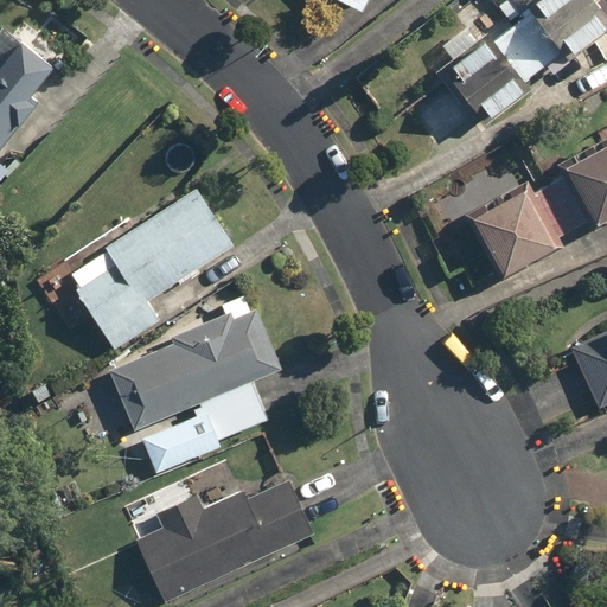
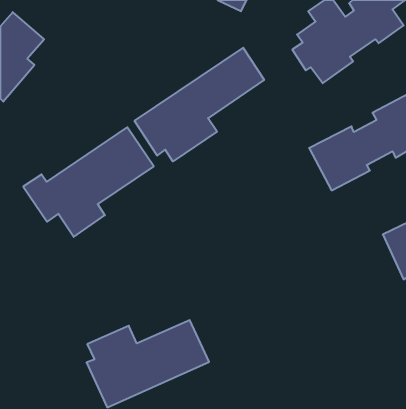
building: none -> [135,48,264,161]
building: [106,298,279,473] -> none

